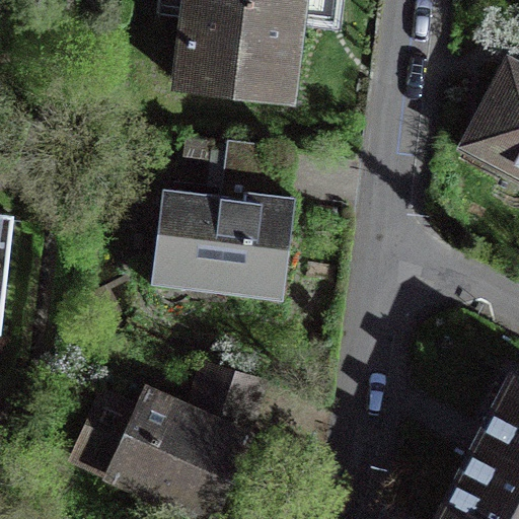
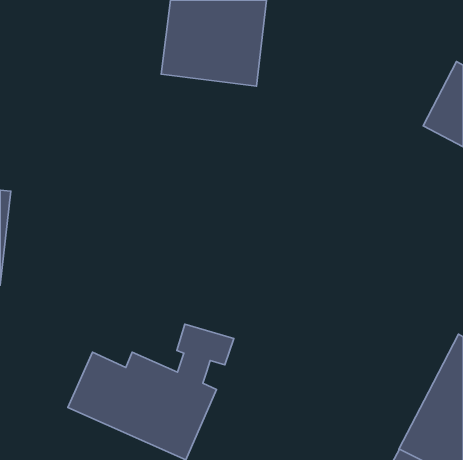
building: [151,143,295,302] -> none

